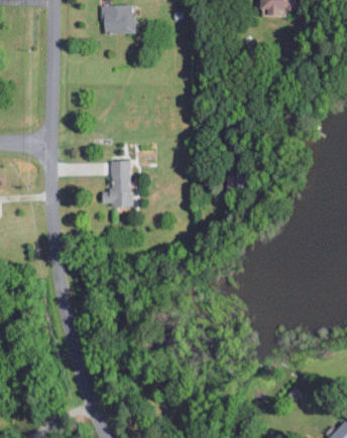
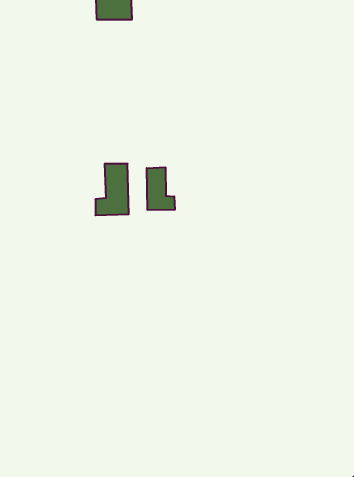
building: none -> [147,167,175,210]

